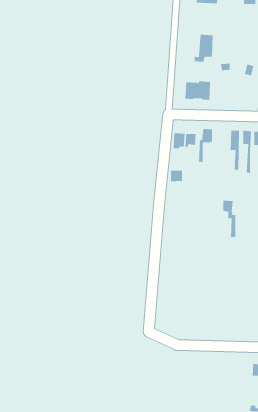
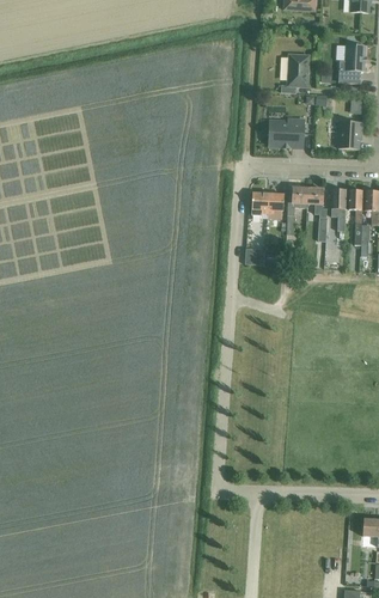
building: none -> [338,43,366,83]
building: none -> [338,120,362,148]
building: [222,200,236,237] -> [307,187,326,239]

